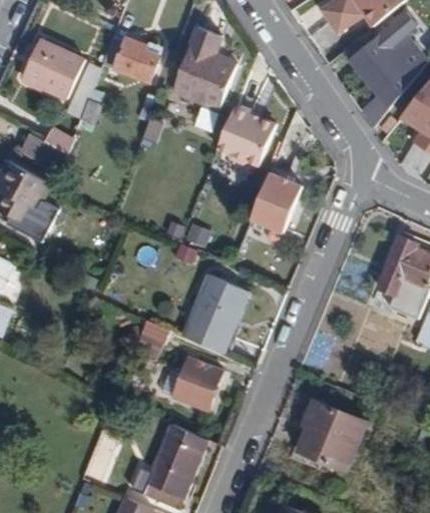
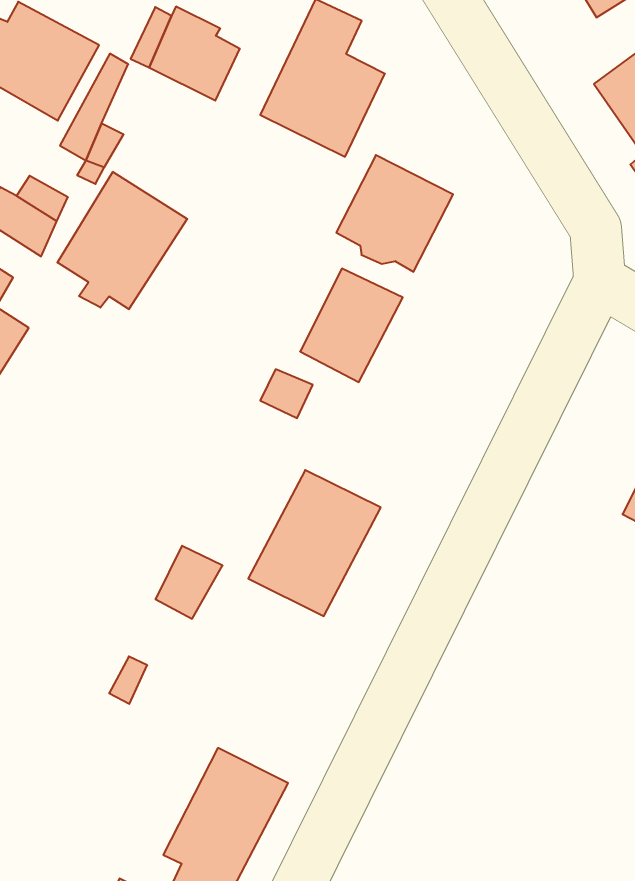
building: none -> [57,172,187,309]
building: [251,173,303,232] -> [300,269,403,382]
building: [162,358,223,408] -> none
building: [288,399,366,470] -> none

